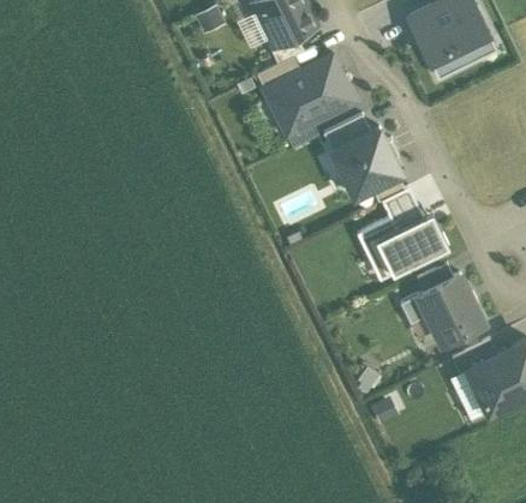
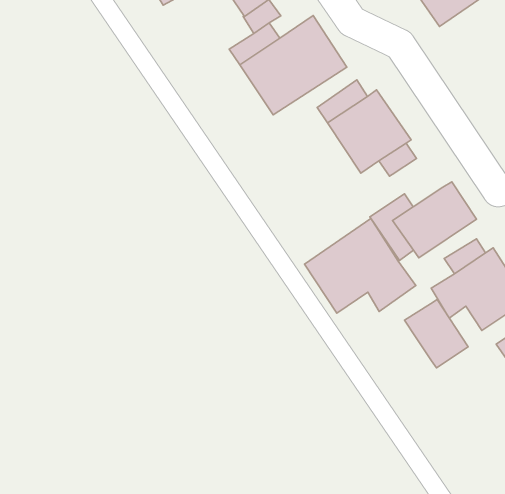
building: [382,188,424,232] -> none
building: none -> [304,219,416,313]
building: none -> [405,300,468,368]

